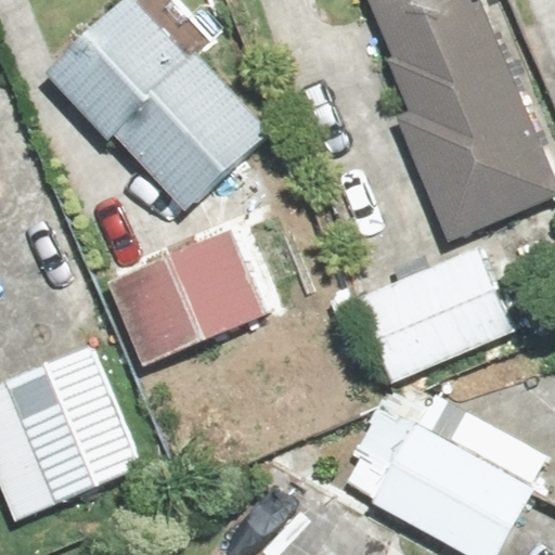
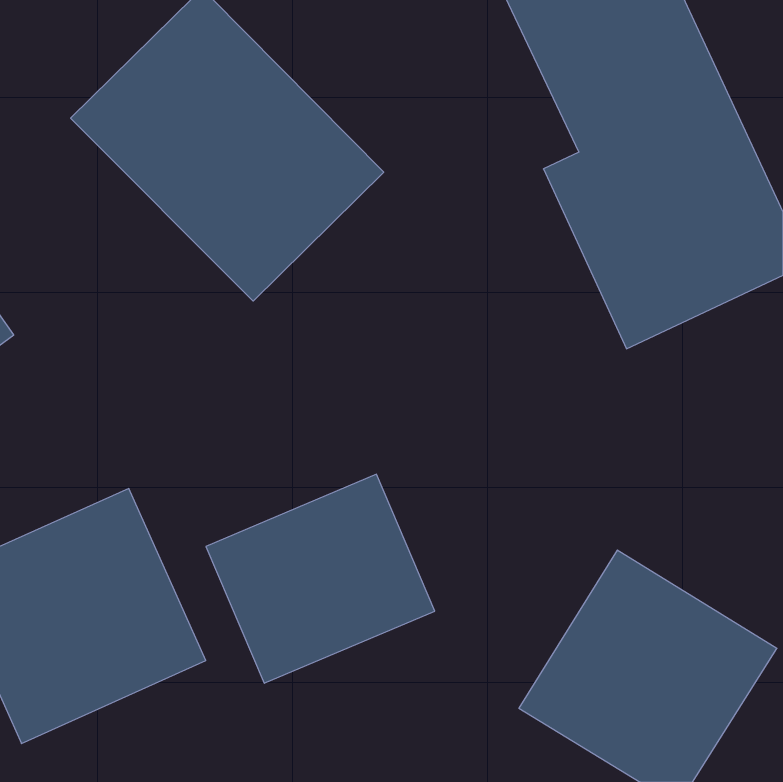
building: [105,224,267,372] -> [206,474,435,683]
building: [346,240,521,380] -> none

